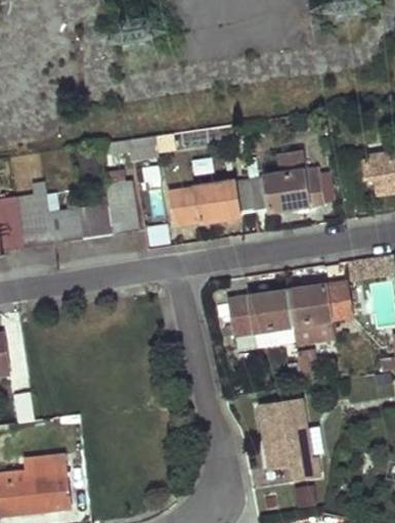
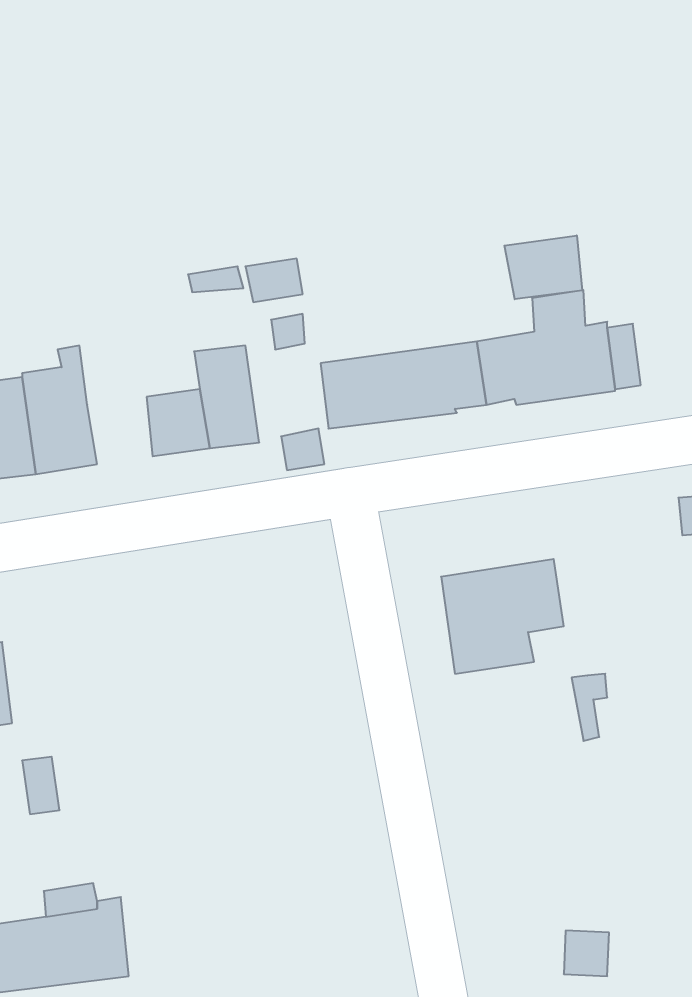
building: none -> [504,235,582,299]
building: [46,207,80,242] -> none
building: [288,281,353,346] -> none
building: [259,402,321,480] -> none

